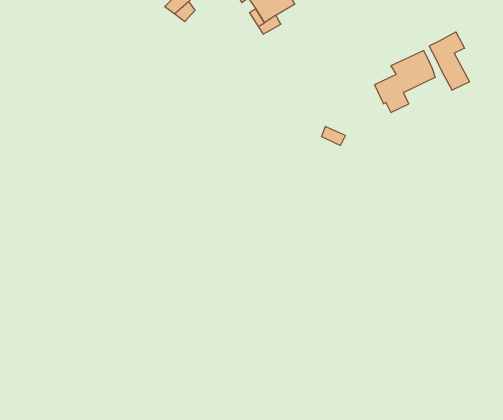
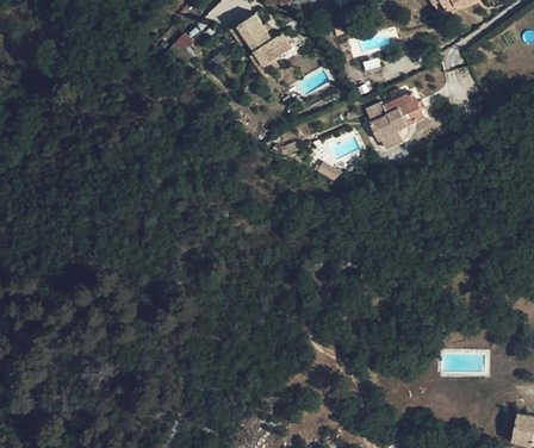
building: [429,32,469,90] -> none

